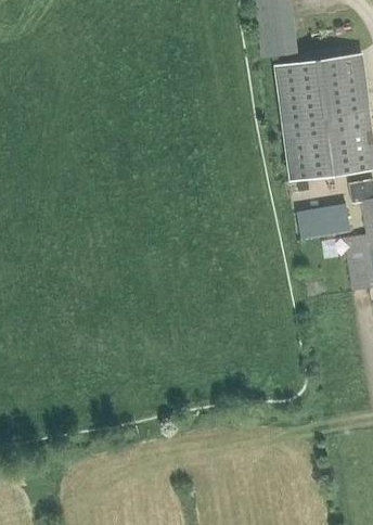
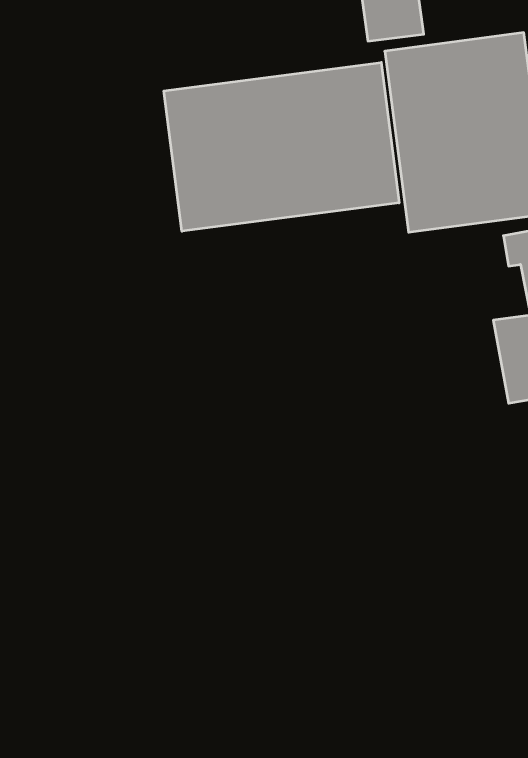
building: none -> [164,62,399,231]
building: [286,206,342,241] -> none

